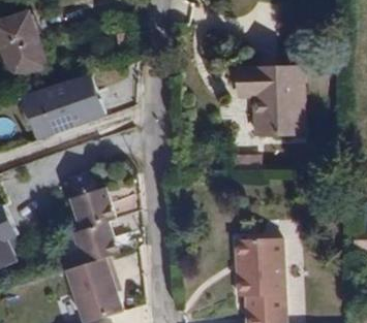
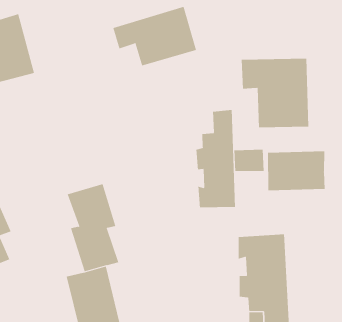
building: [16,88,97,146] -> [113,6,197,66]
building: none -> [196,109,236,208]
building: none -> [267,150,325,191]

